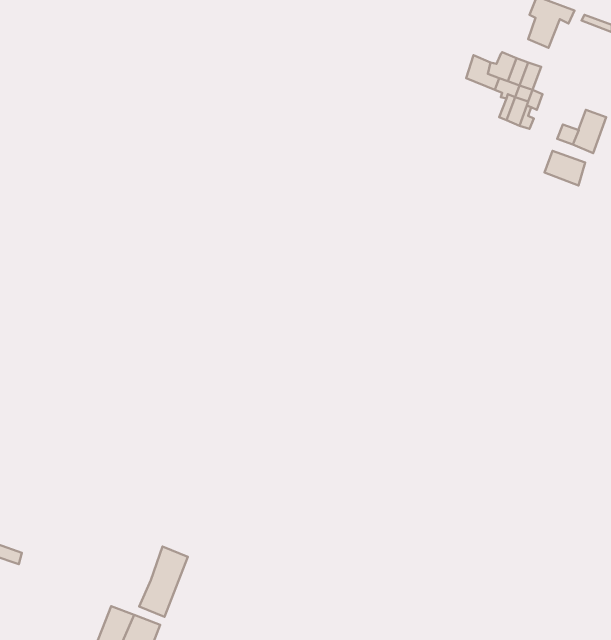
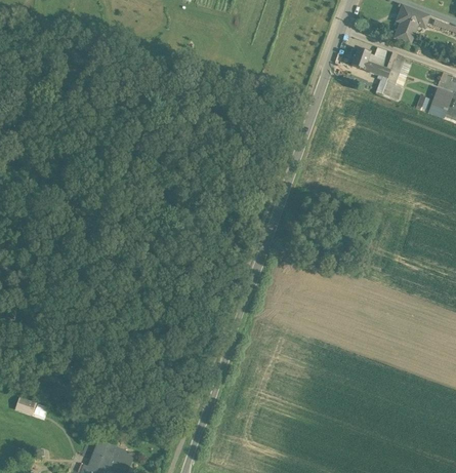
building: [544,151,585,185] -> none
building: [139,547,188,617] -> none

